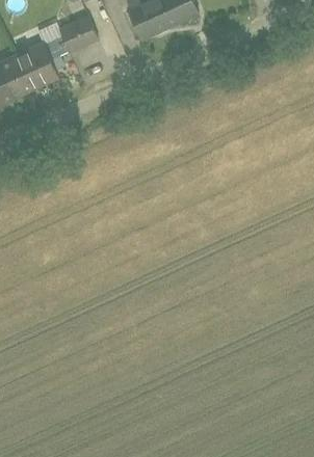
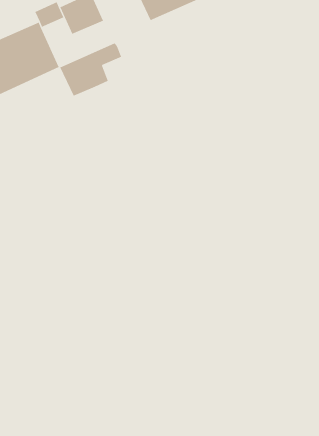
building: none -> [60,43,122,97]

